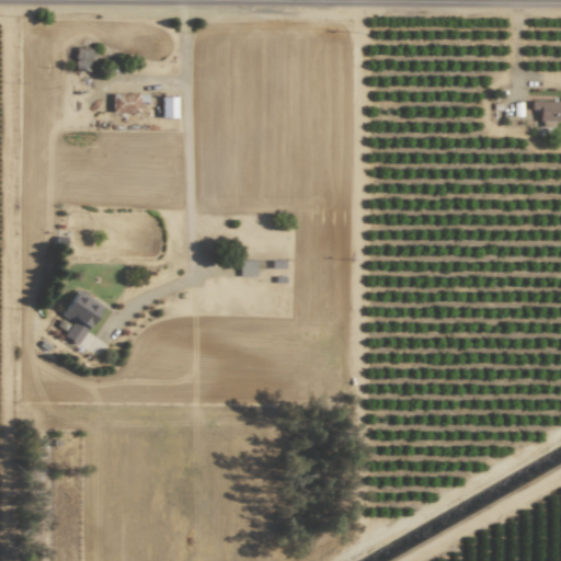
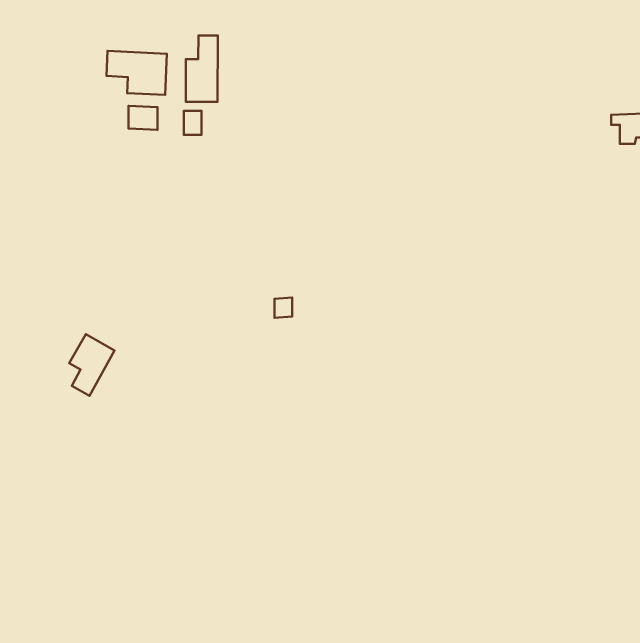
building: none -> [186,35,218,102]
building: none -> [107,51,167,95]

